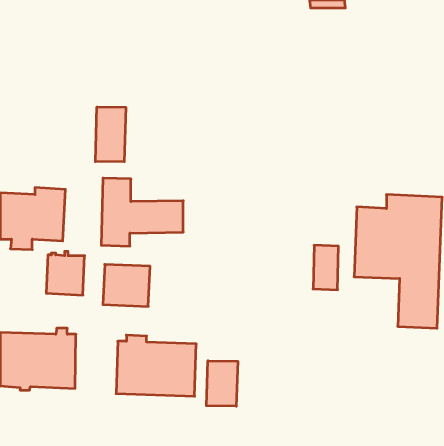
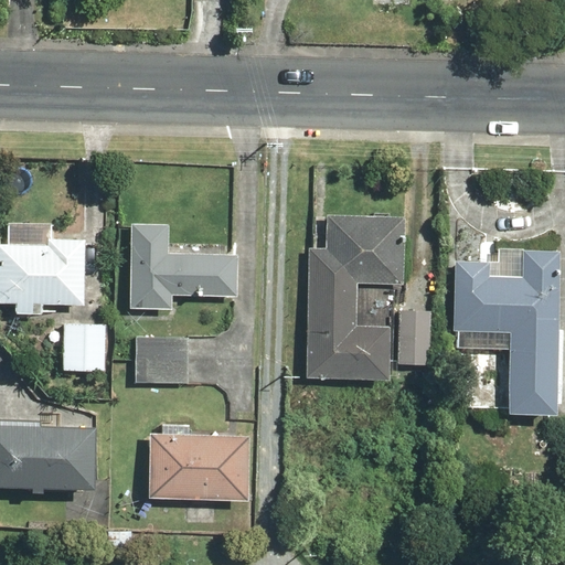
building: [95,107,126,162] -> none
building: none -> [307,215,401,379]
building: [206,361,238,406] -> none

